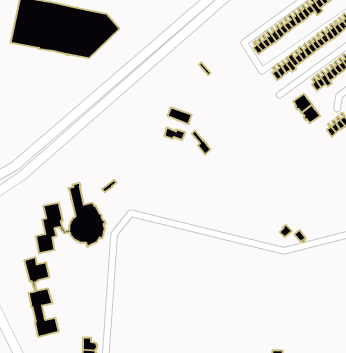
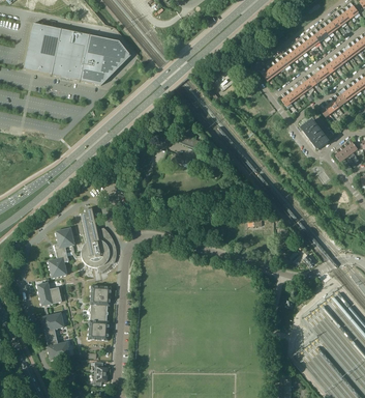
building: none -> [87,284,111,340]

